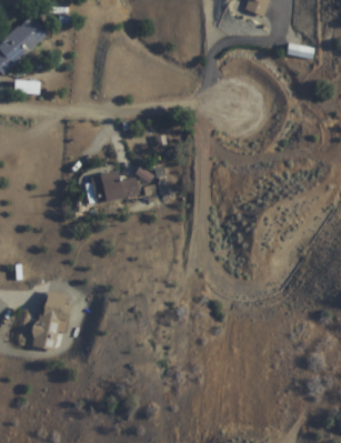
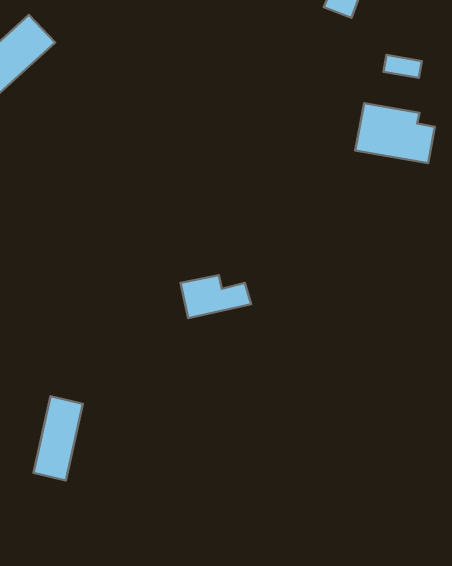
building: none -> [355,103,435,163]
building: [88,172,139,203] -> [180,275,251,318]

